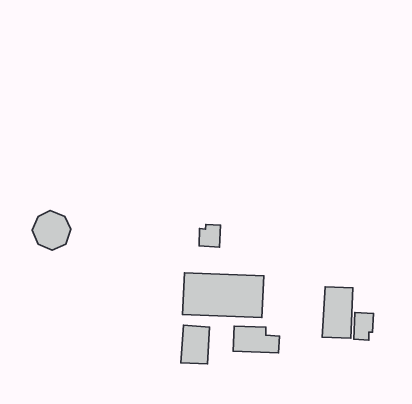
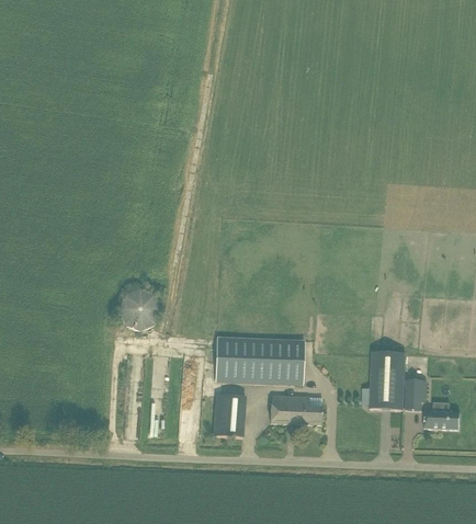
building: [32,211,71,250] -> [118,287,161,331]
building: [199,225,220,247] -> none
building: none -> [423,409,460,428]

